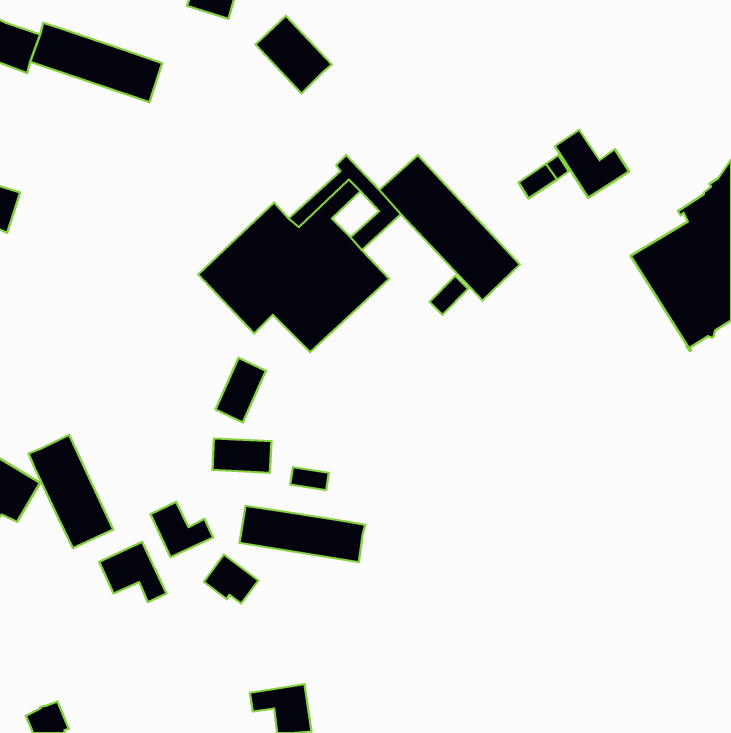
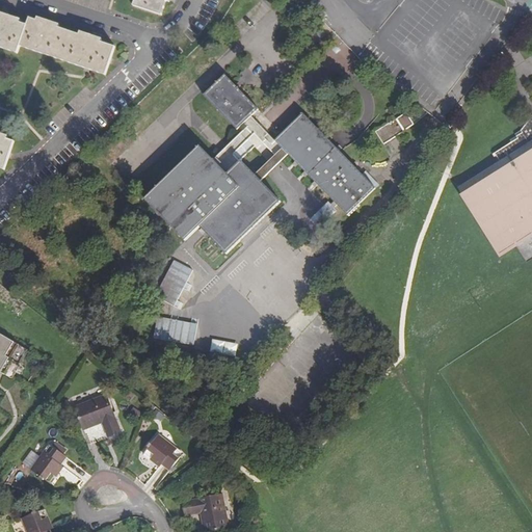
building: [256,16,332,93] -> [202,72,257,128]
building: [555,130,629,198] -> none
building: [29,435,113,548] -> none
building: [150,502,213,557] -> none
building: [239,506,365,562] -> none
building: [204,555,258,603] -> [141,435,181,471]
building: none -> [30,442,65,483]

